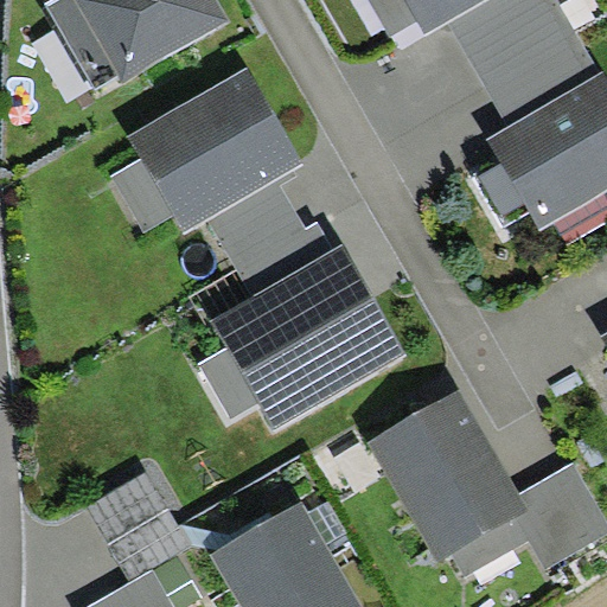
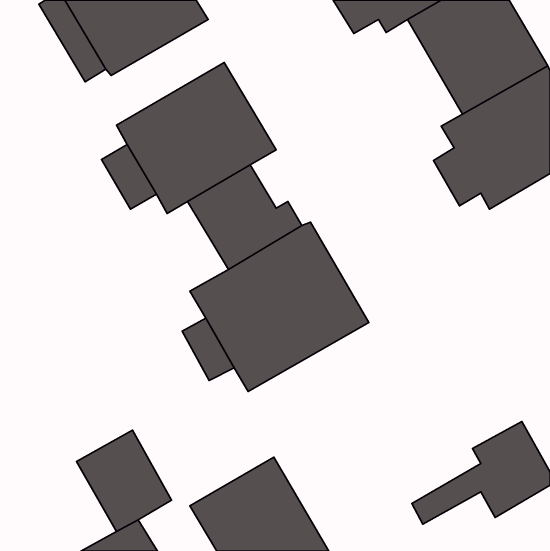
building: [369,390,529,562] -> none

